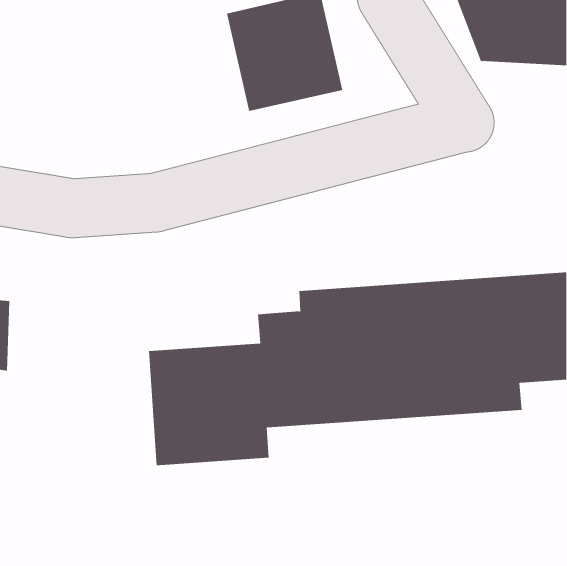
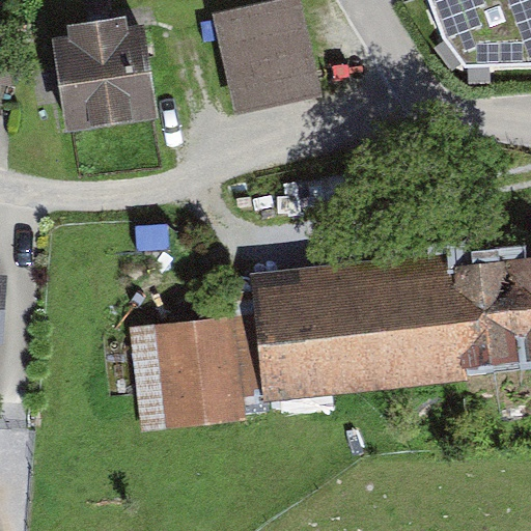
building: none -> [57,16,153,125]

